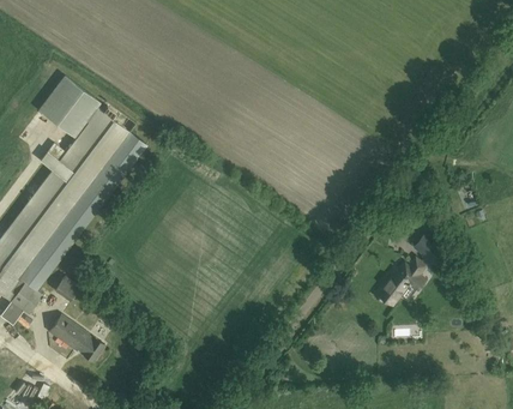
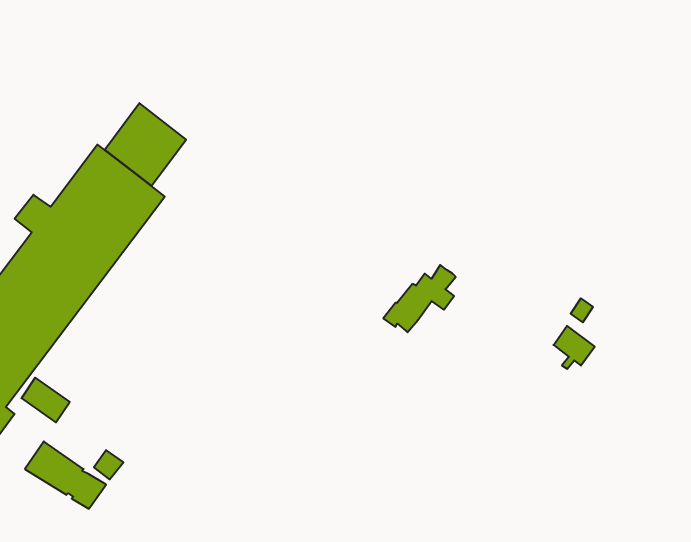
building: [41,77,97,134] -> [105,103,186,186]
building: [376,258,427,305] -> [383,265,456,332]

